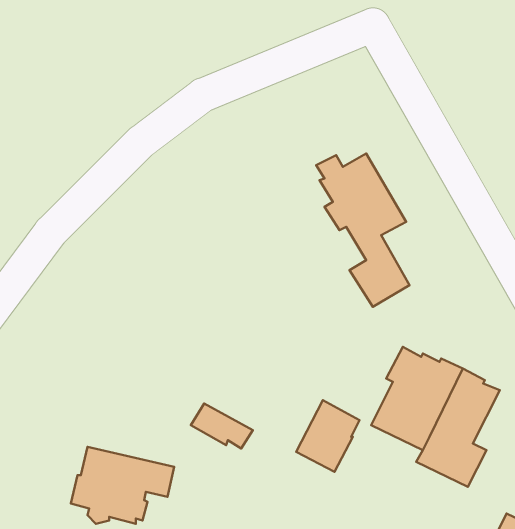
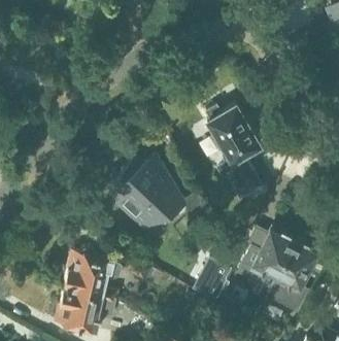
building: none -> [110,159,182,228]
building: none -> [64,247,123,300]

